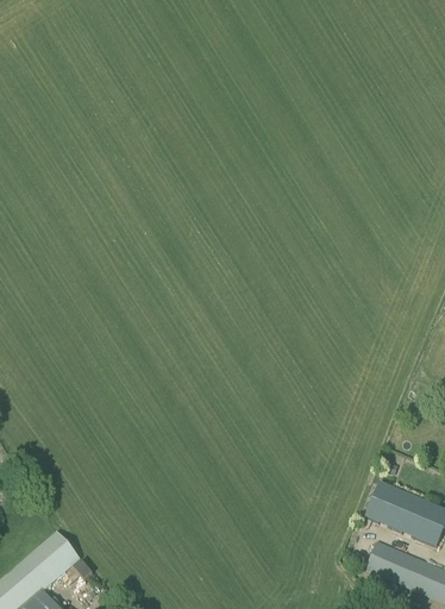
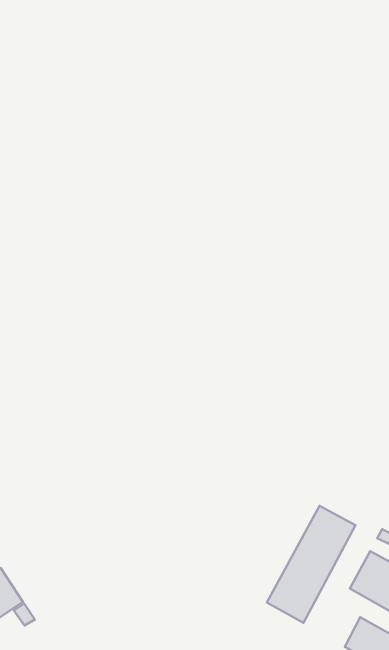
building: none -> [267,506,356,623]

